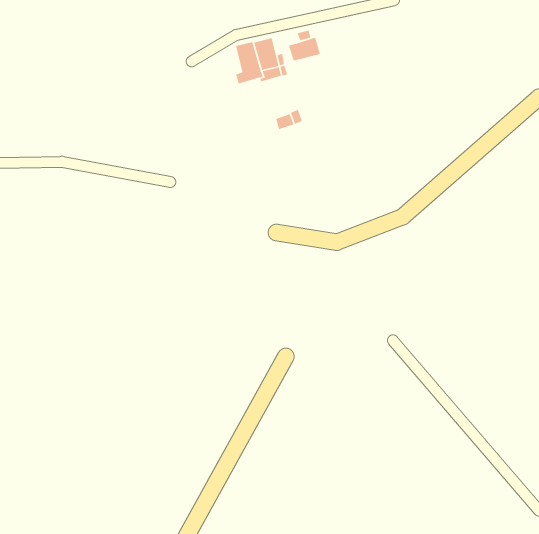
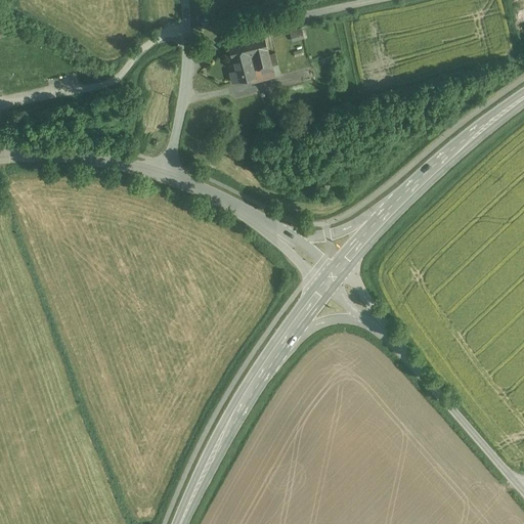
building: [288,37,321,62] -> none

